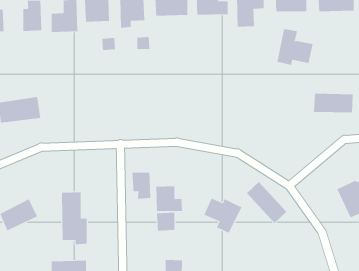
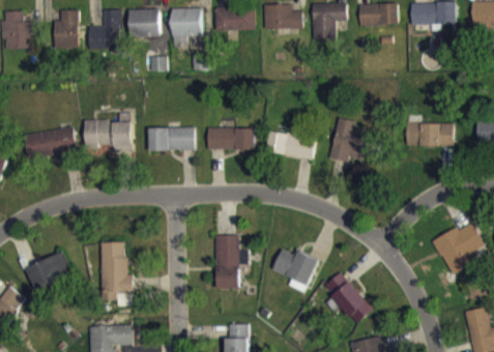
building: [277,29,313,65] -> [329,118,374,163]
building: none -> [84,113,132,152]
building: none -> [147,127,194,151]
building: none -> [206,127,255,150]
building: none -> [266,131,315,158]
building: [132,172,151,199] -> none
building: [246,181,287,224] -> [323,272,373,324]

